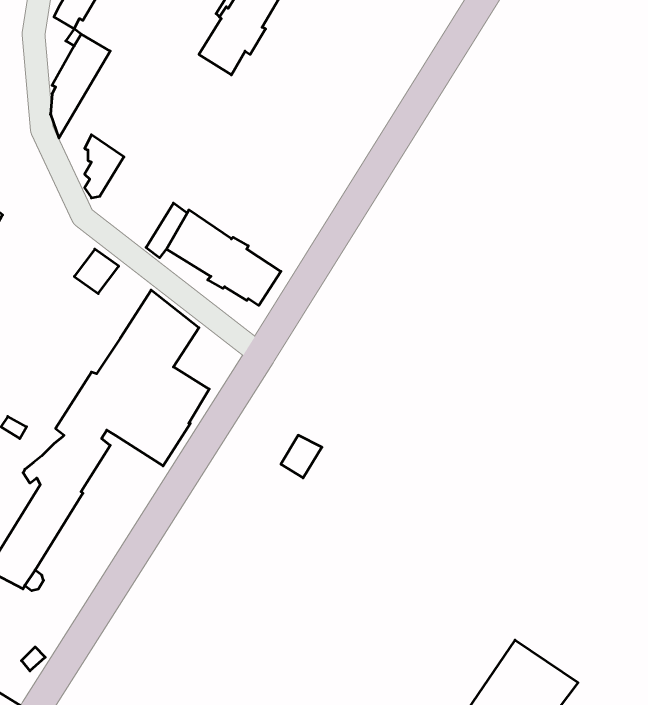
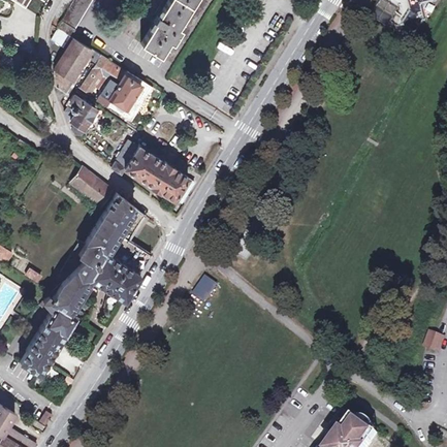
building: none -> [81,54,152,120]
building: none -> [85,178,113,206]

